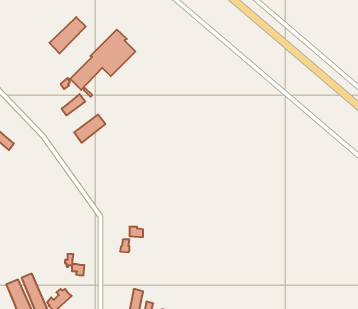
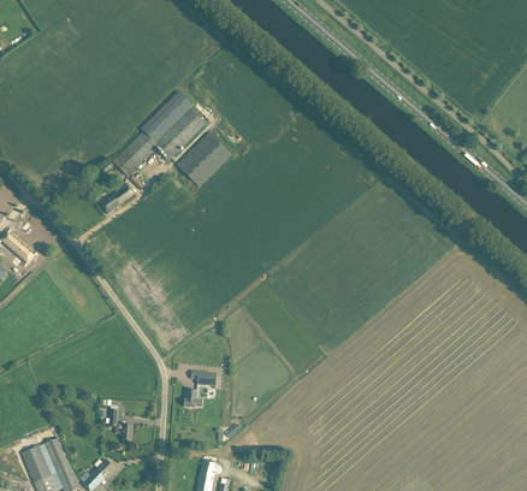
building: [49,17,86,54] -> none
building: none -> [176,132,230,187]
building: [74,115,105,143] -> none

